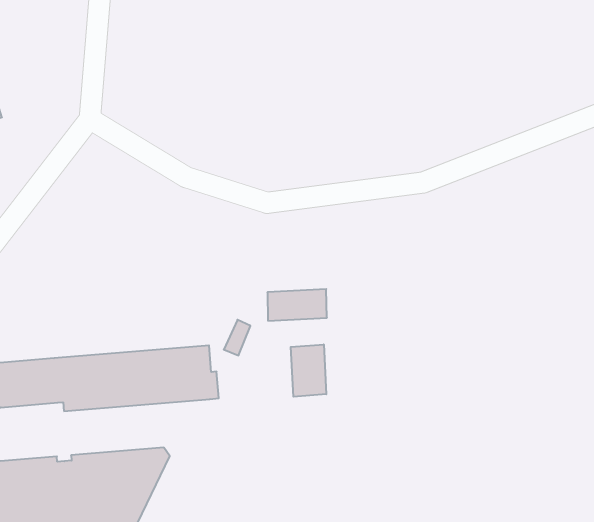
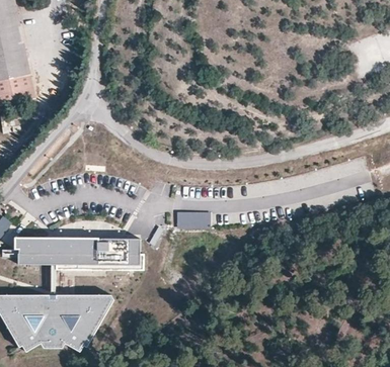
building: [291,344,326,397] -> none

